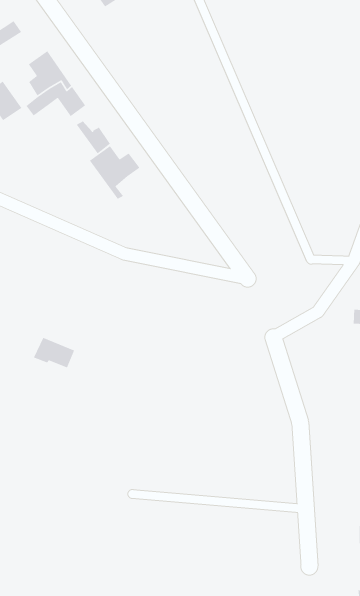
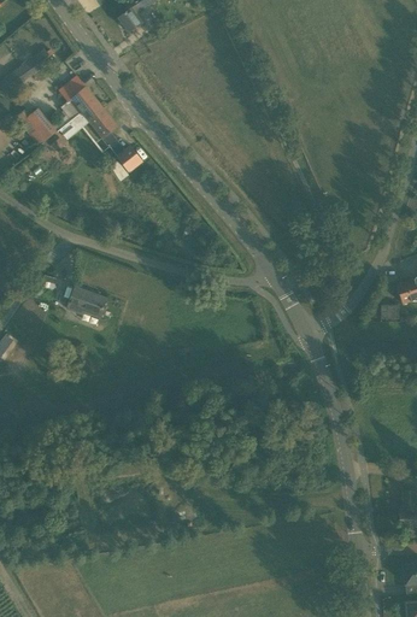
building: [89,145,141,200] -> none
building: [33,337,75,369] -> [67,288,107,317]

